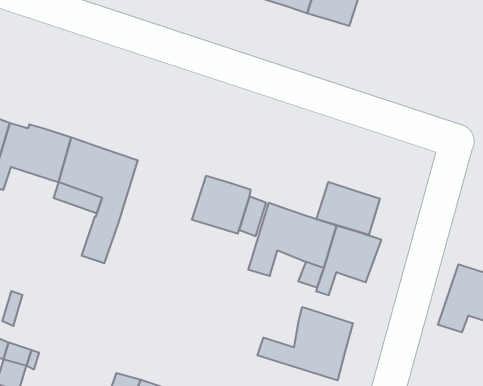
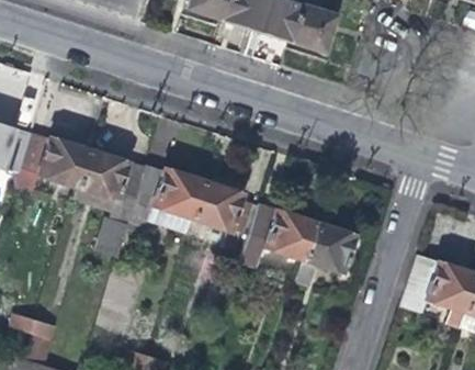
building: none -> [127,164,202,231]
building: [317,182,380,235] -> none
building: [257,307,353,380] -> none

